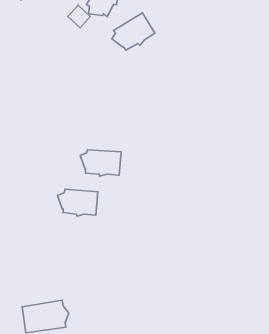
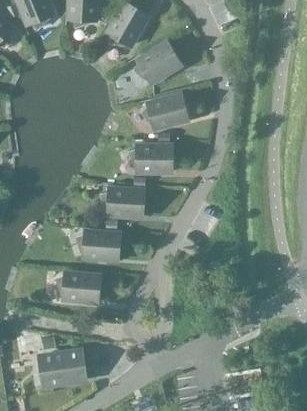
building: none -> [142,94,189,128]
building: none -> [129,146,172,173]
building: none -> [57,273,100,302]

